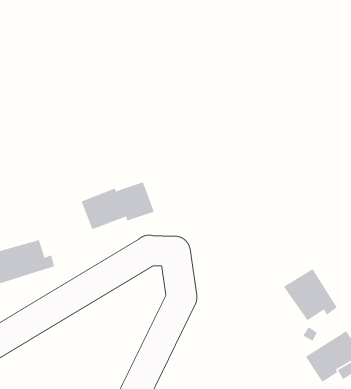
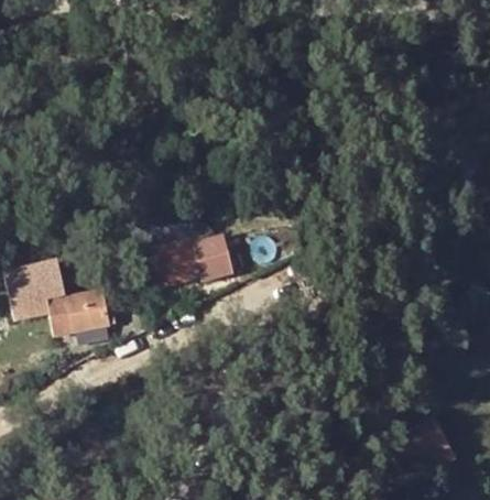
building: [283,268,338,321] -> none

